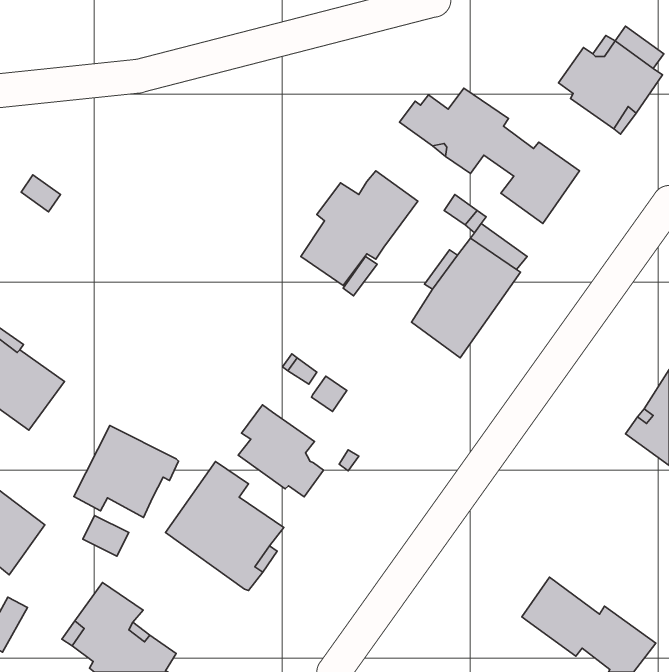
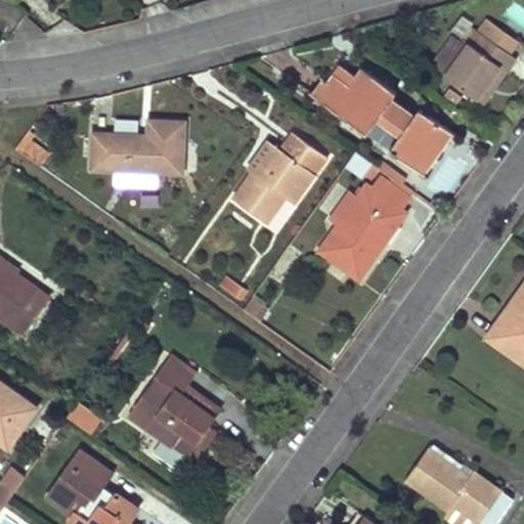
building: none -> [92,121,185,186]
building: [238,405,324,497] -> none
building: [74,426,179,517] -> none

